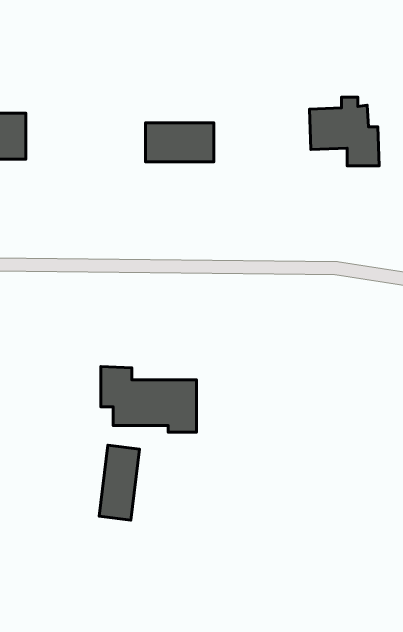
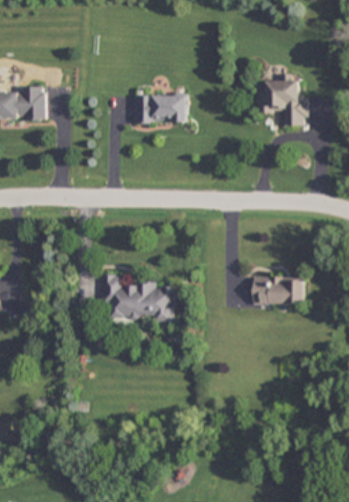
building: none -> [254,276,305,303]
building: [99,445,139,520] -> none

